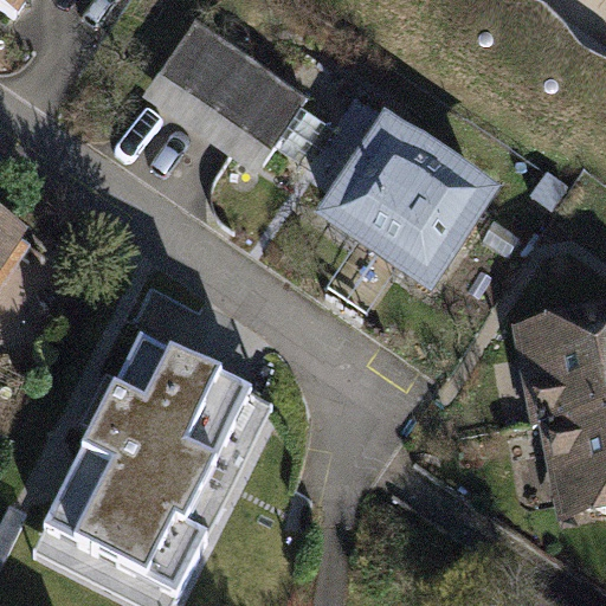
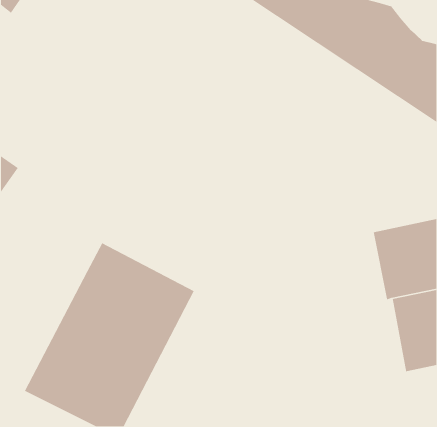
building: [146,17,307,166] -> none
building: [316,109,499,288] -> none

